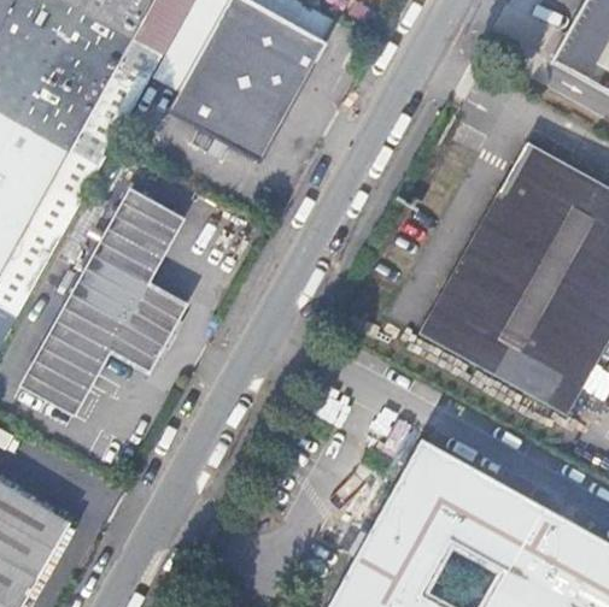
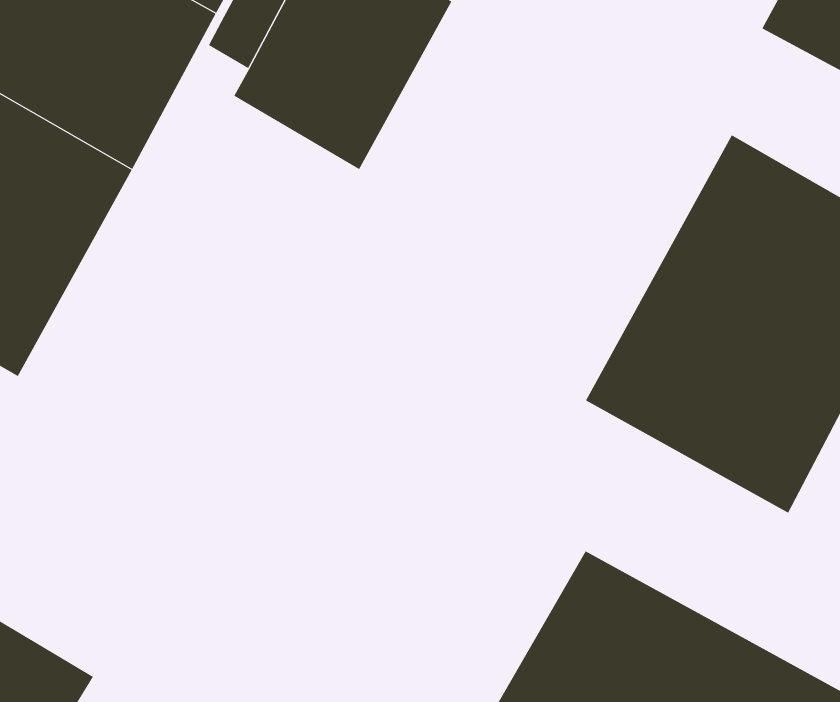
building: [19,191,183,416] -> none

